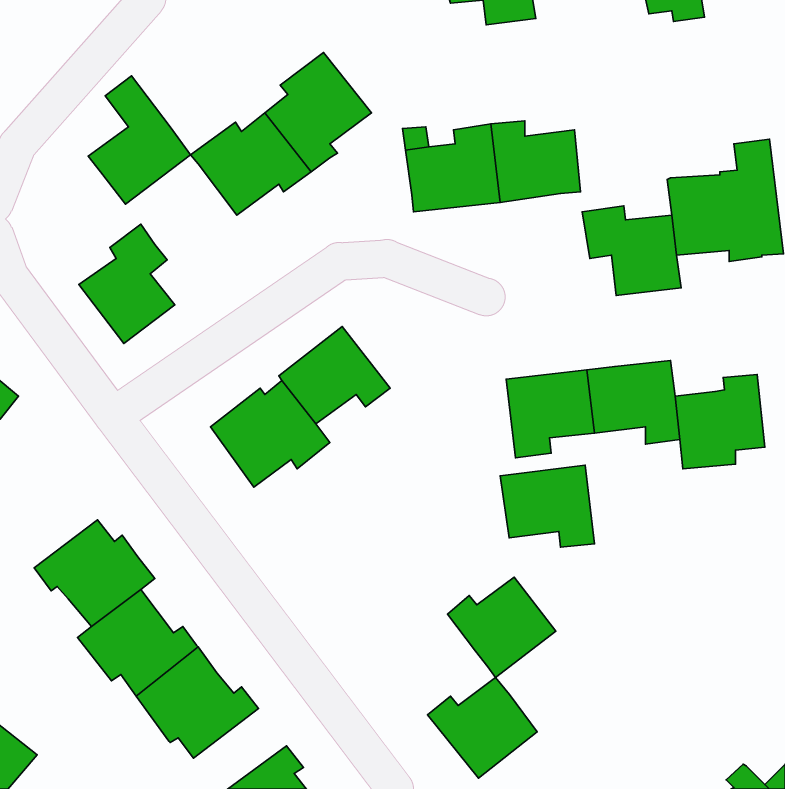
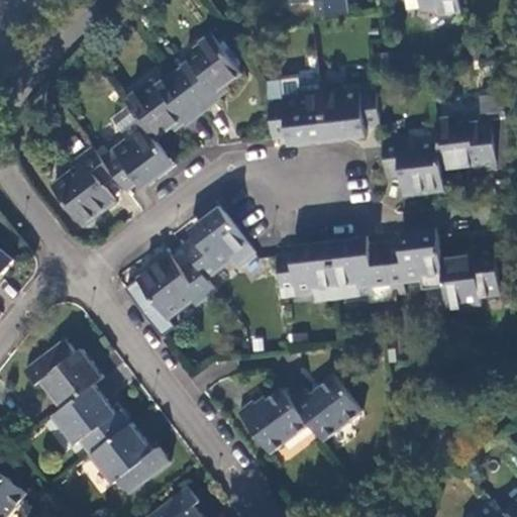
building: [88,76,190,204] -> [101,107,168,191]
building: [500,465,594,547] -> [275,247,336,301]
building: [427,678,537,778] -> [238,390,310,455]

